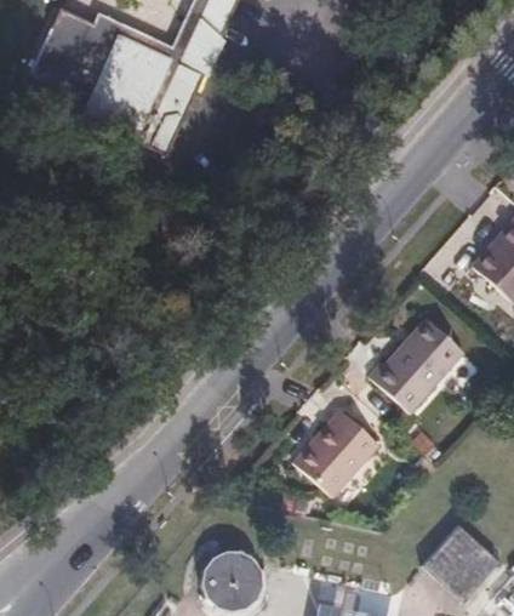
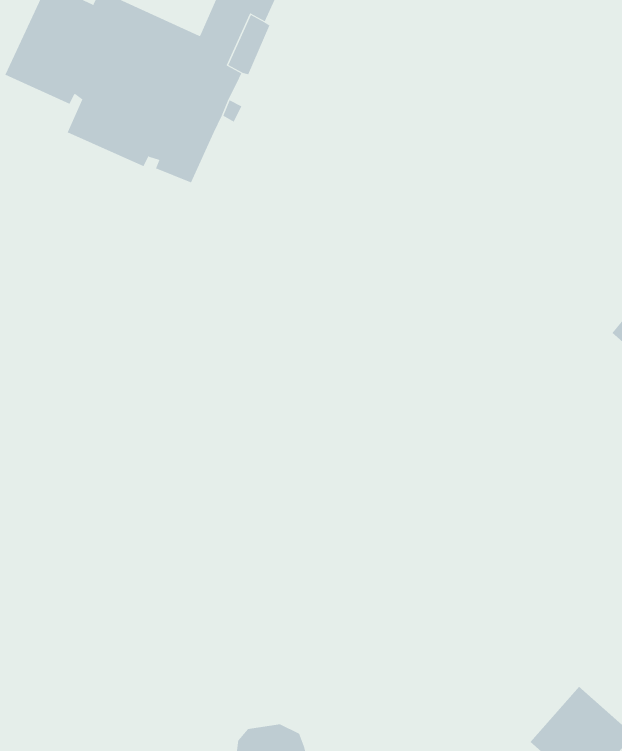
building: [372,323,464,413] -> none
building: [297,409,381,496] -> none

